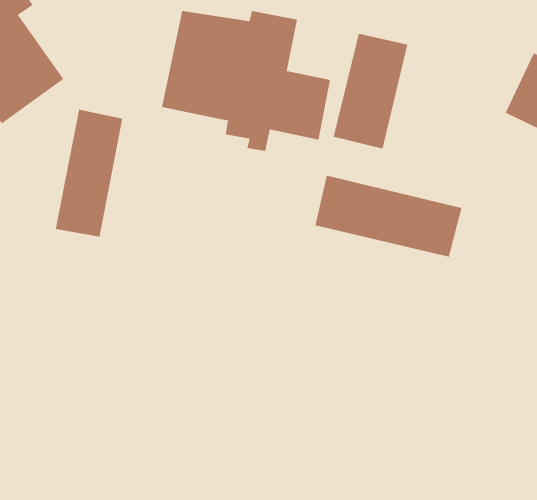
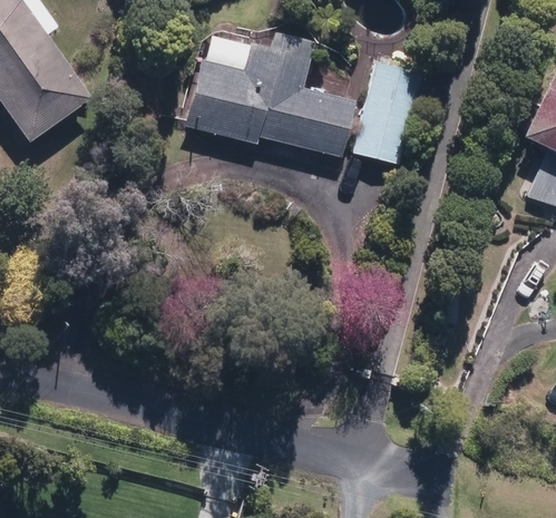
building: [55,109,123,238] -> none
building: [315,175,462,258] -> none

